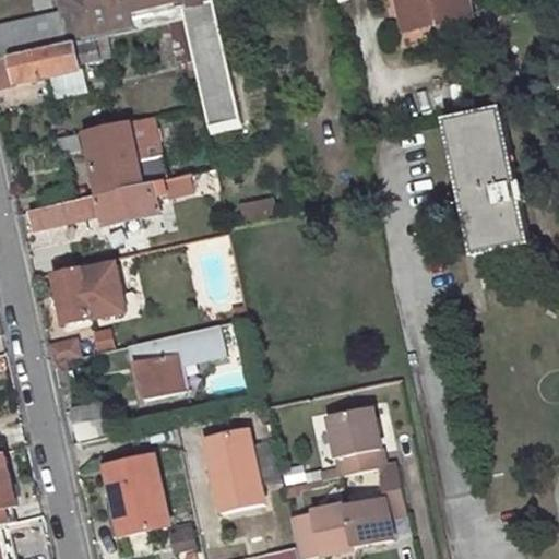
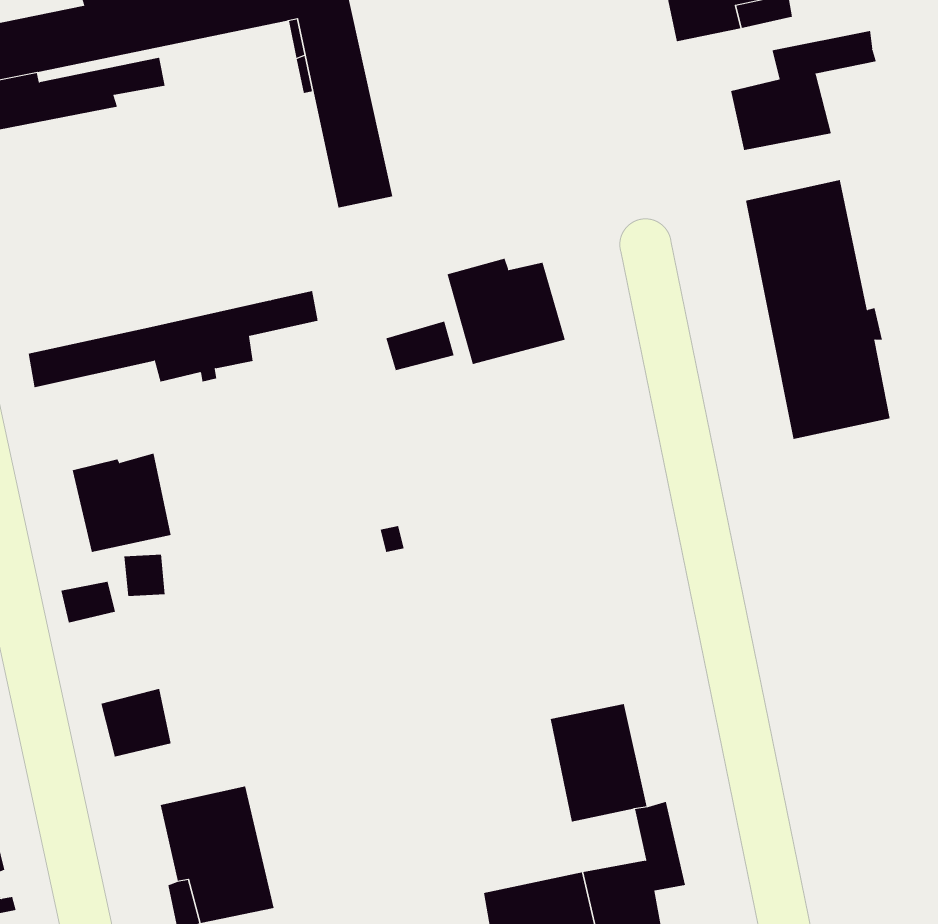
building: none -> [731,30,877,151]
building: [64,120,168,193] -> none
building: none -> [447,258,566,365]
building: [128,324,227,400] -> none
building: [207,427,265,511] -> none

